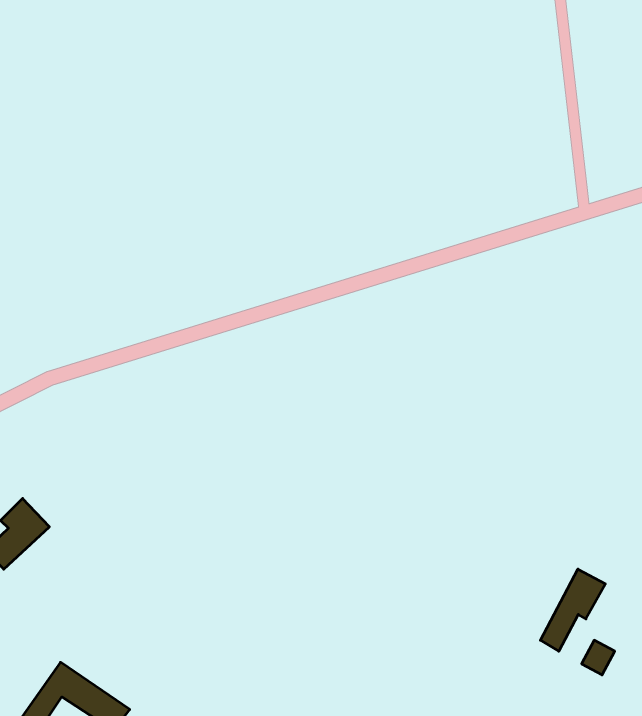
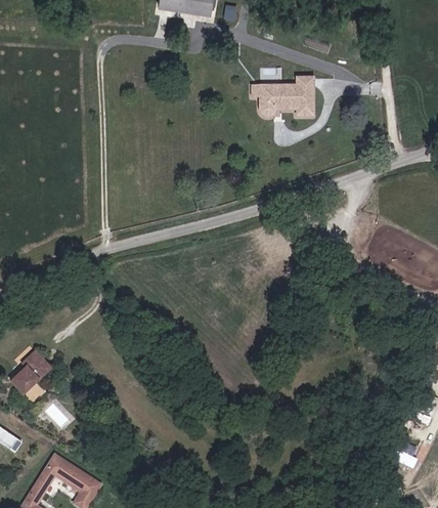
building: none -> [261,85,305,119]
building: [540,569,605,651] -> none

